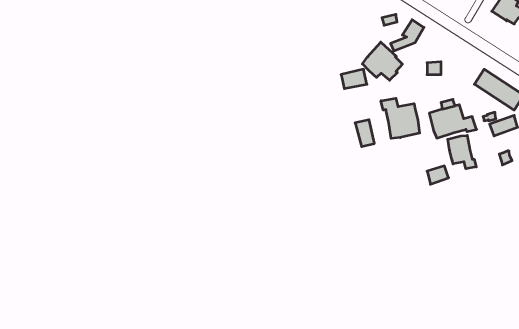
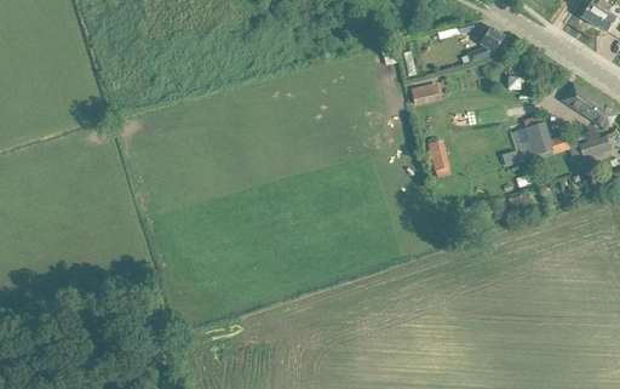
building: [362,42,402,80] -> none
building: [381,98,420,138] -> none
building: [448,135,476,169] -> none

